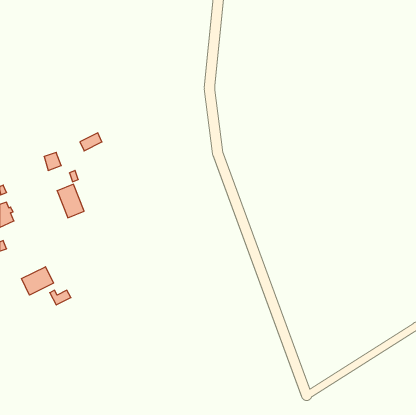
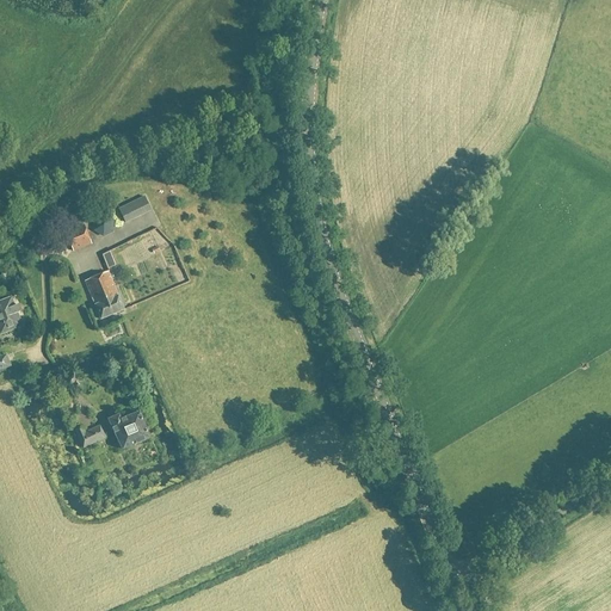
building: [21,267,53,295] -> none
building: none -> [107,411,148,449]

